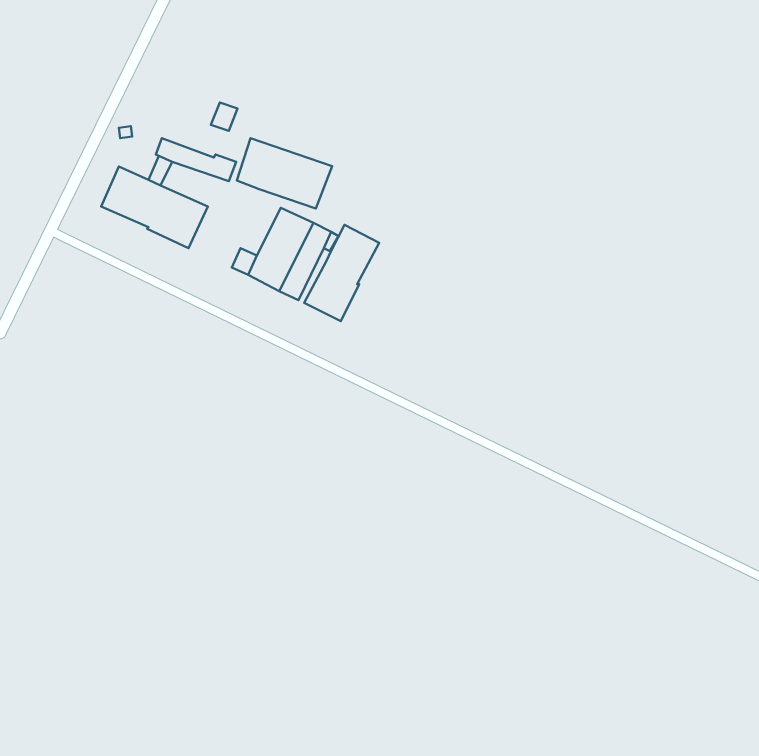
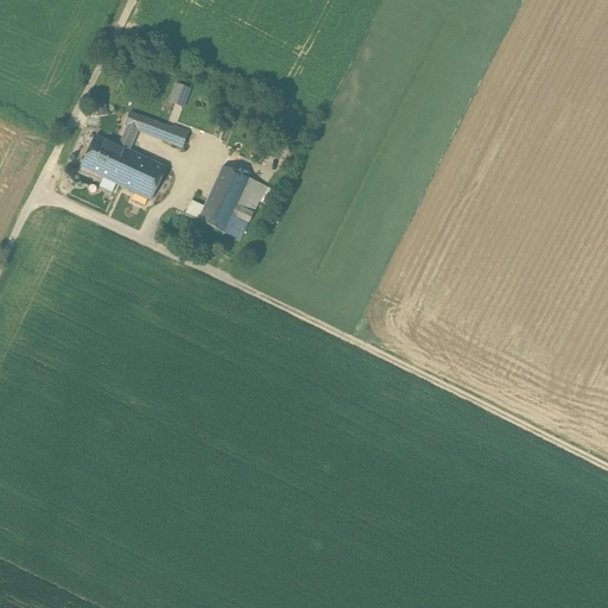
building: [237,138,332,208] -> none
building: [304,225,379,321] -> none

